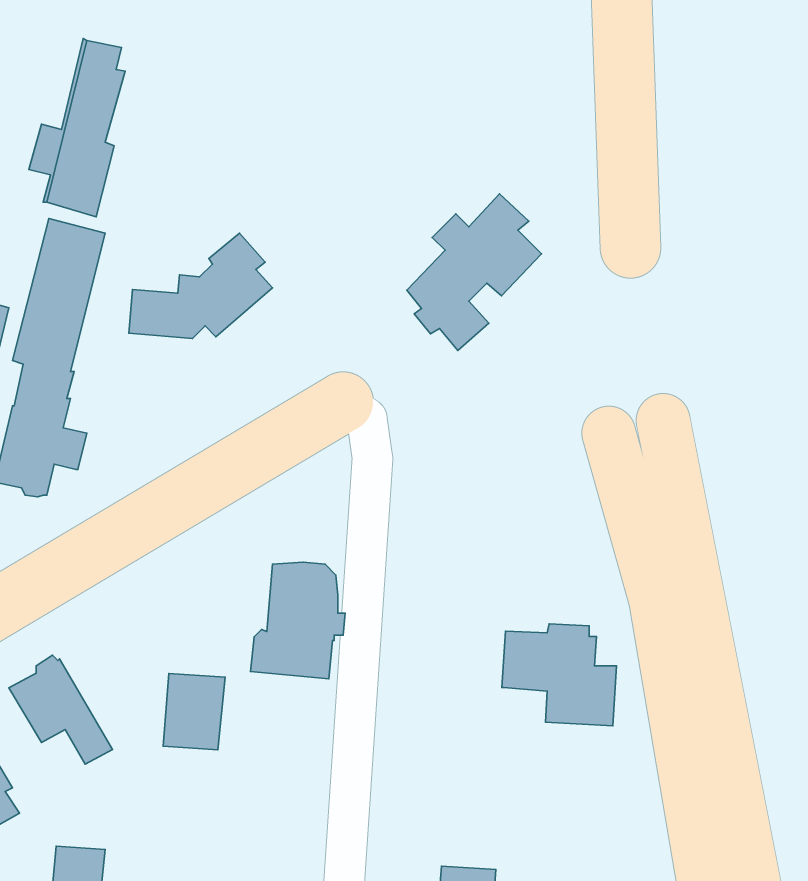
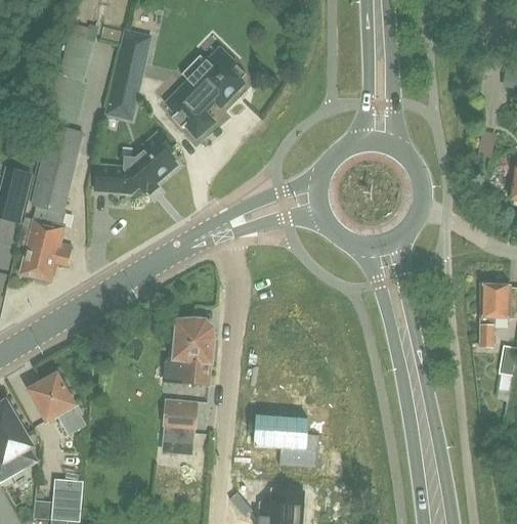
building: none -> [103,31,154,124]
building: [407,194,541,350] -> [168,48,244,136]
building: [502,624,616,726] -> [254,410,318,468]
building: [163,673,225,750] -> [164,398,199,441]

